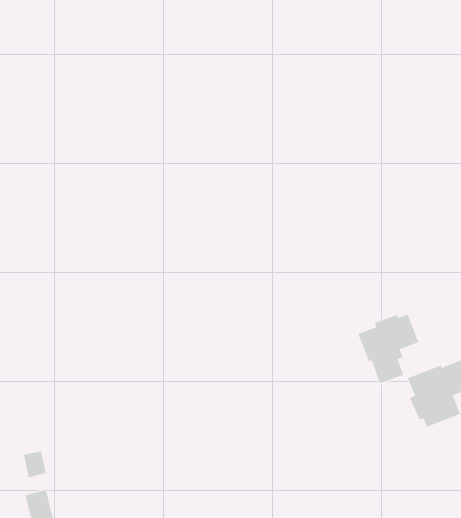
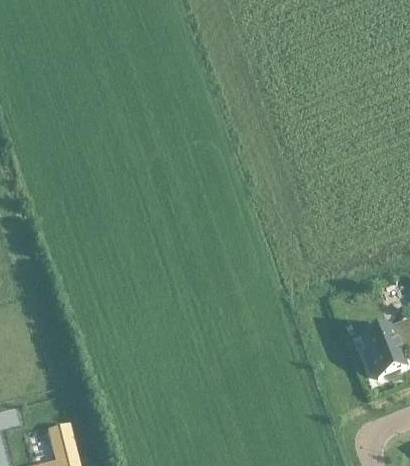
building: [358,314,419,384] -> none

